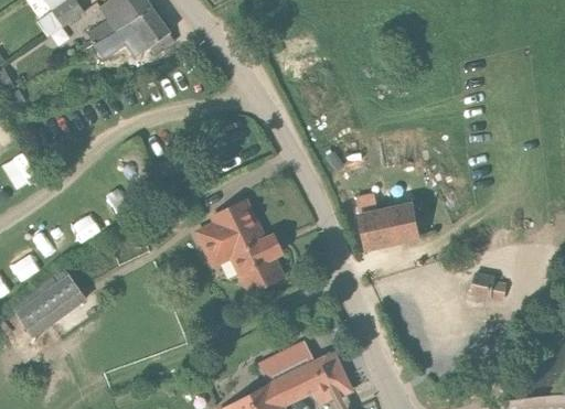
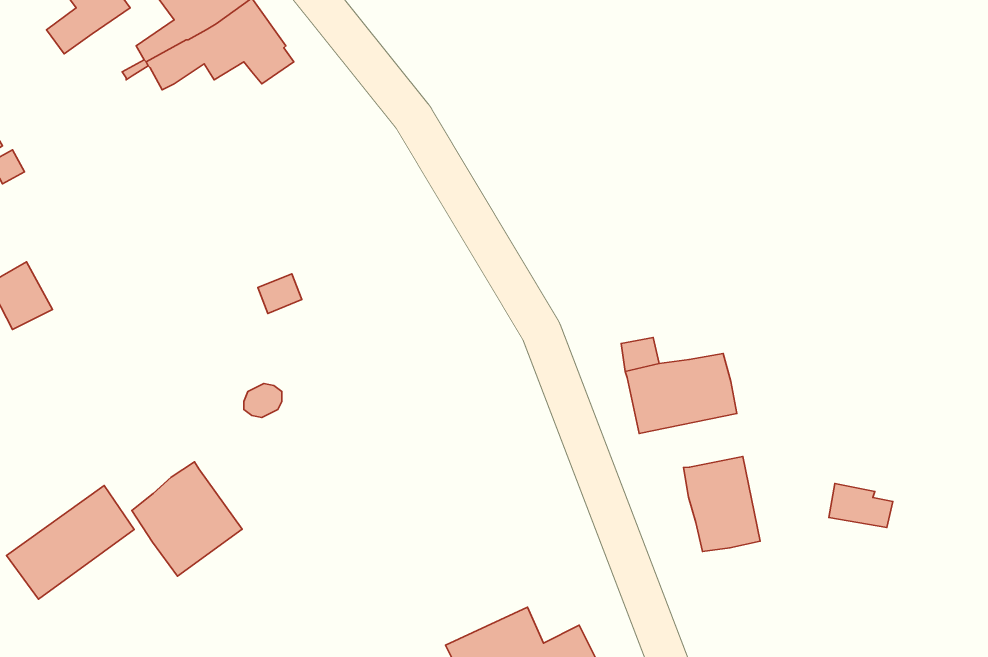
building: [195,200,284,292] -> none
building: none -> [684,457,760,552]
building: none -> [132,462,242,576]

